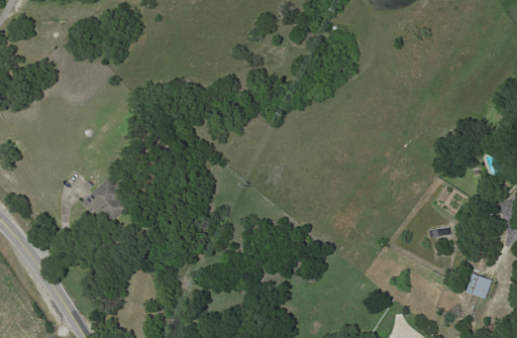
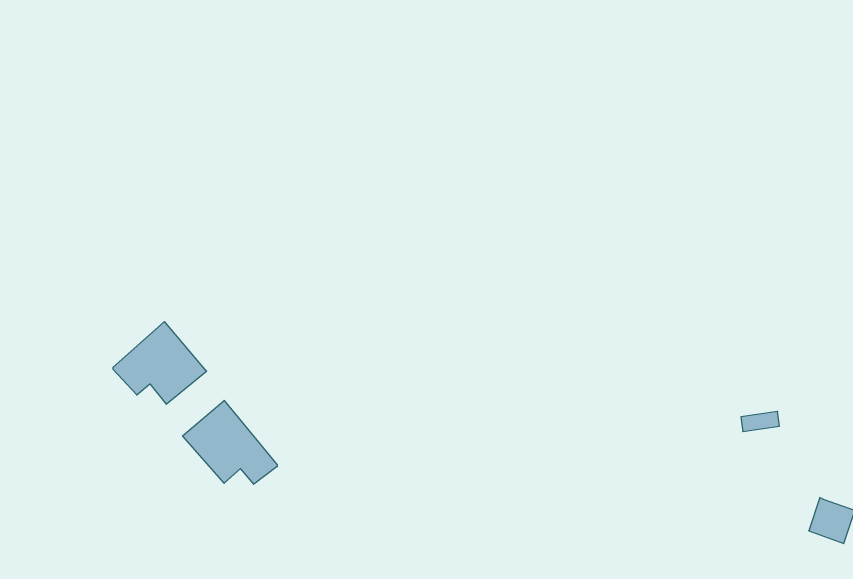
building: none -> [183,400,277,484]

